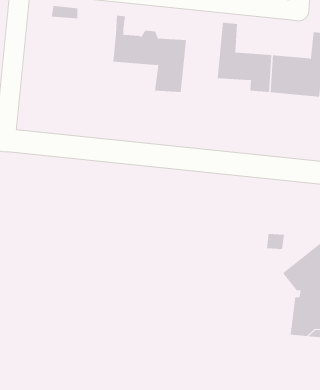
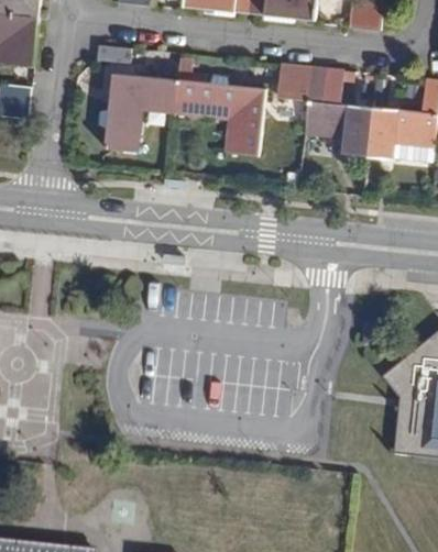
building: none -> [280,63,311,100]
building: none -> [98,74,178,150]

